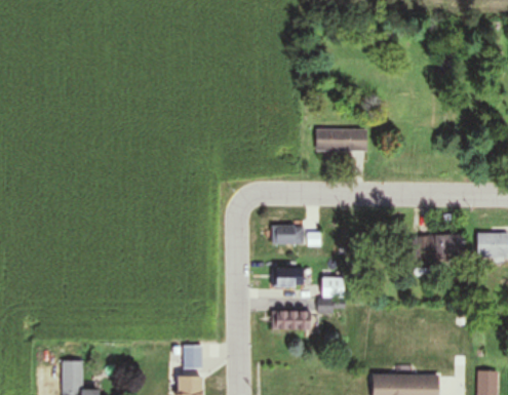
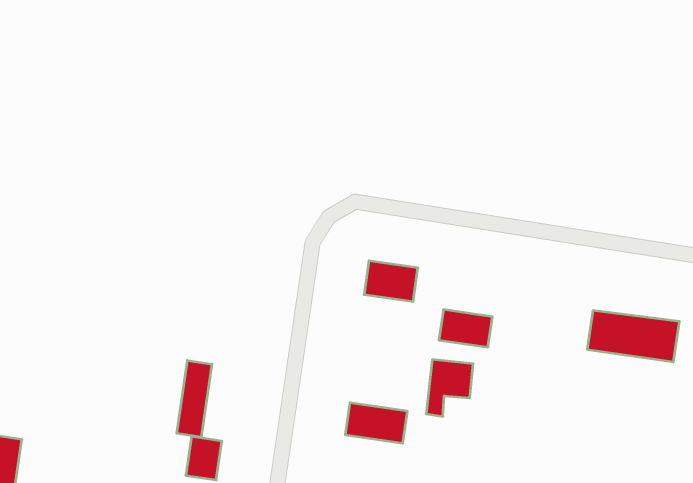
building: [315,129,366,151] -> none
building: [274,268,304,286] -> [439,310,492,347]
building: none -> [177,360,212,437]

